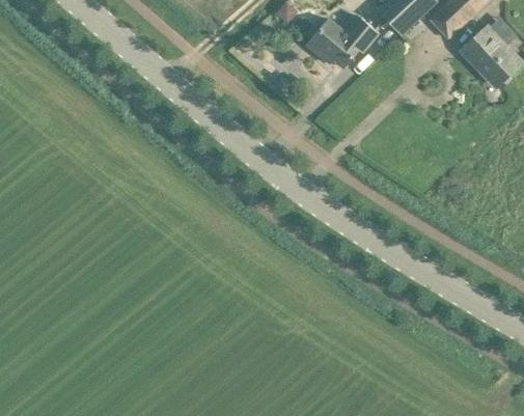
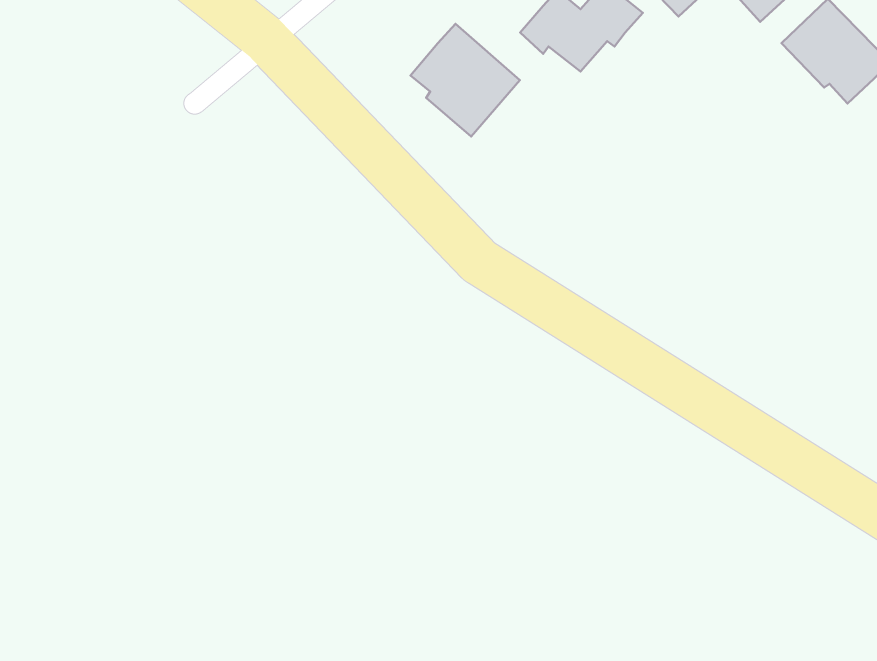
building: none -> [411,24,520,136]

